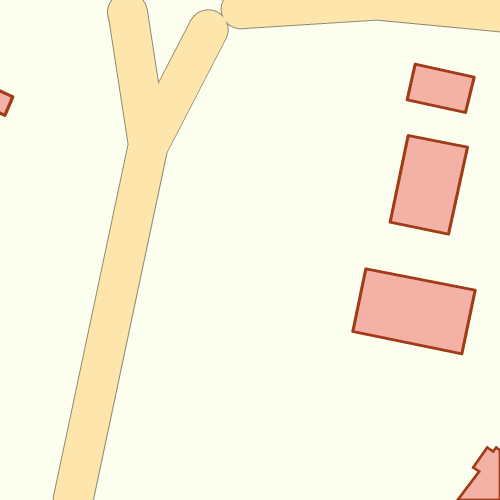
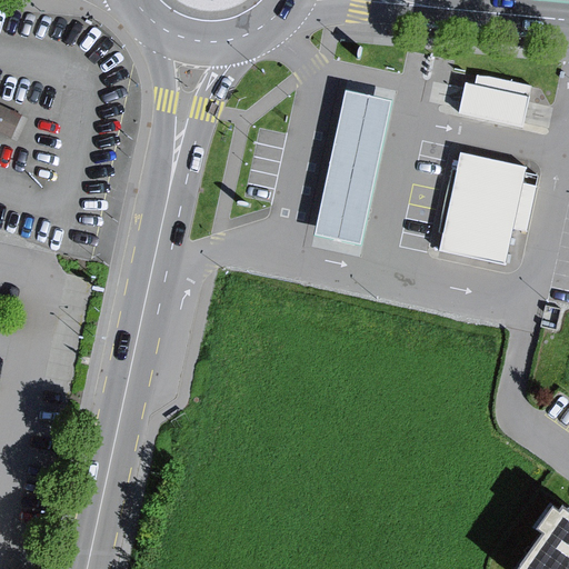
building: none -> [317,91,391,241]
building: [353,269,475,354] -> none

